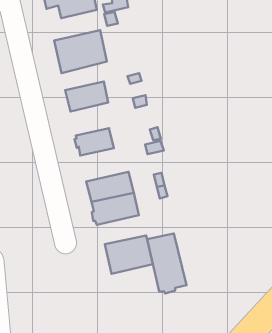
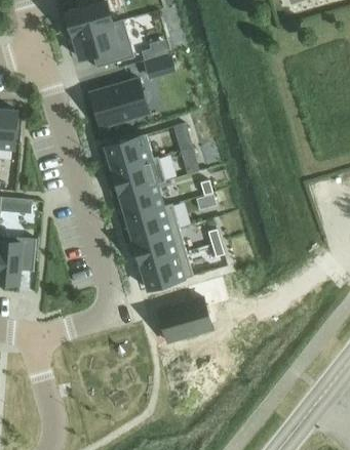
building: none -> [112,157,164,195]
building: none -> [125,204,179,244]
building: [147,233,187,293] -> none

